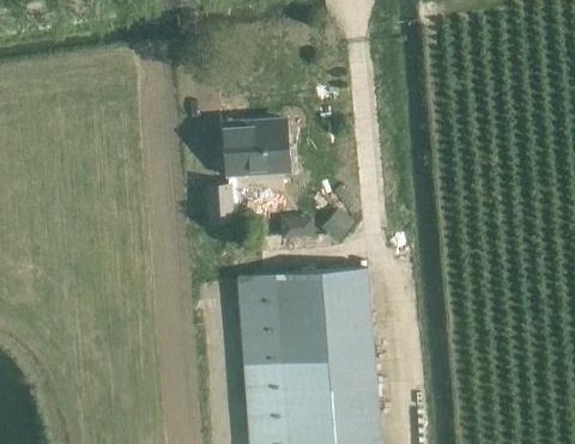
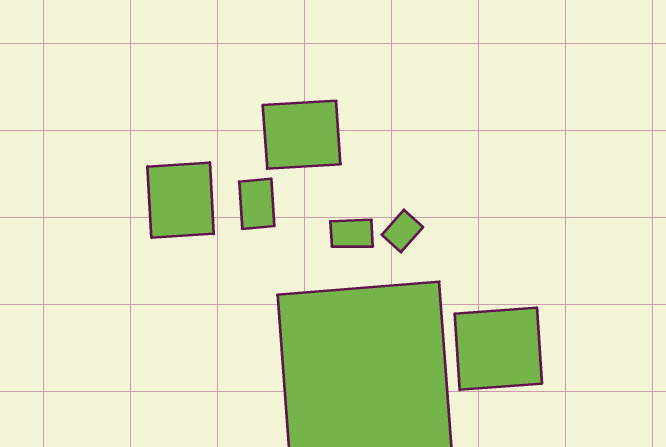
building: none -> [148,162,214,238]
building: none -> [455,308,542,390]

